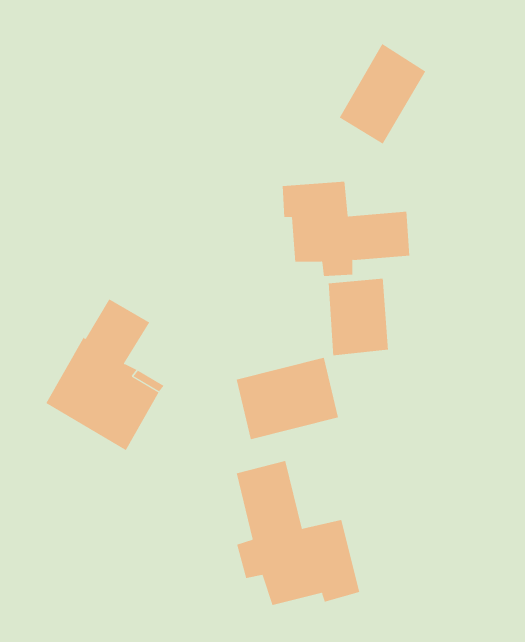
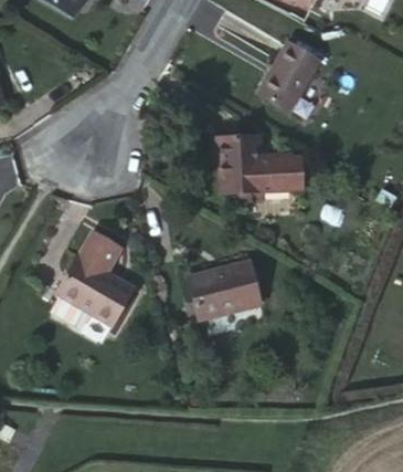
building: [328,278,389,356] -> none
building: [236,460,360,606] -> none

